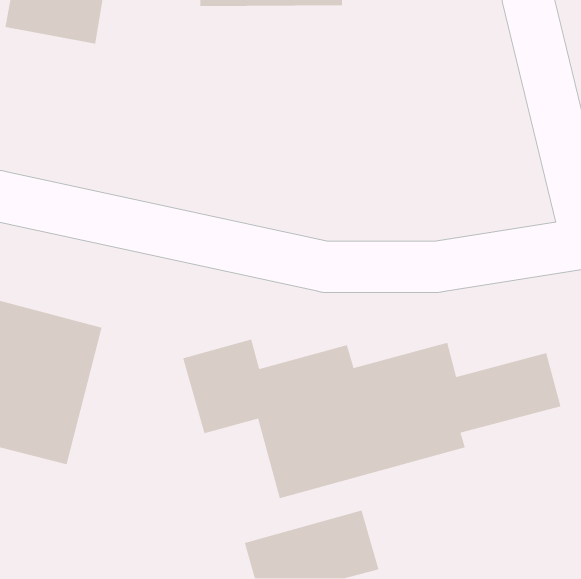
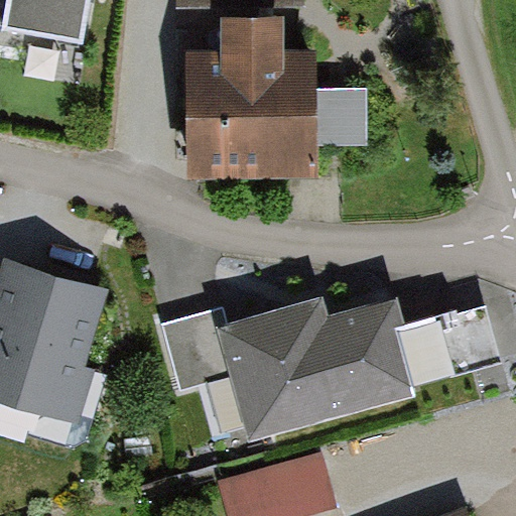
building: none -> [186,22,366,179]

